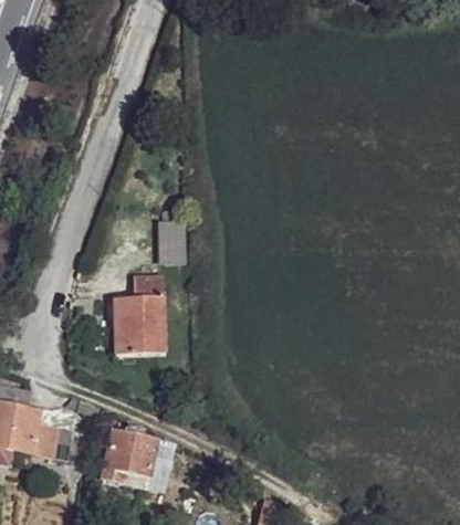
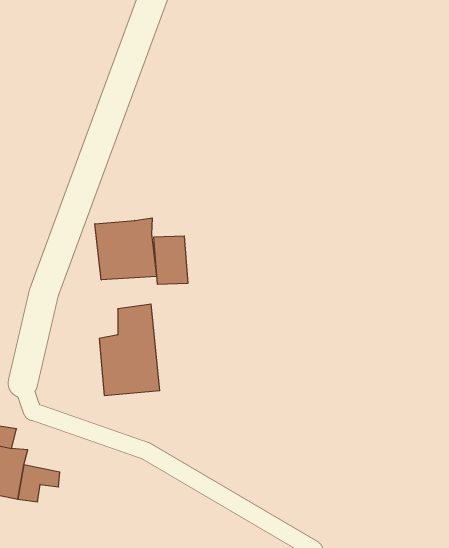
building: none -> [95,218,157,280]
building: [105,430,157,487] -> none

